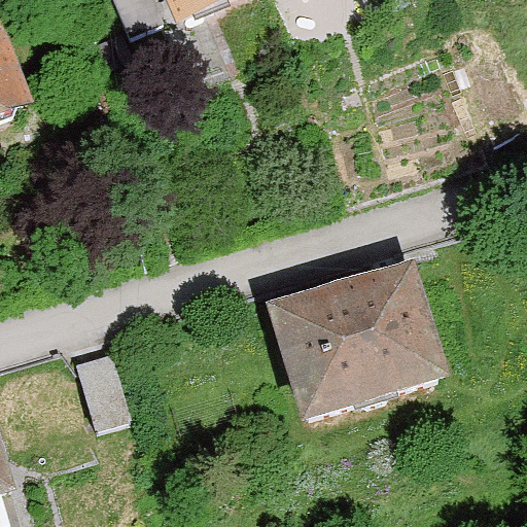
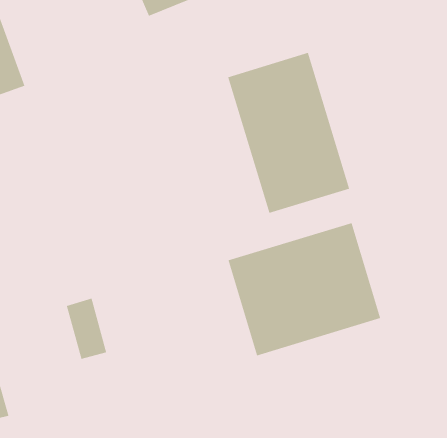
building: none -> [227,52,350,214]

